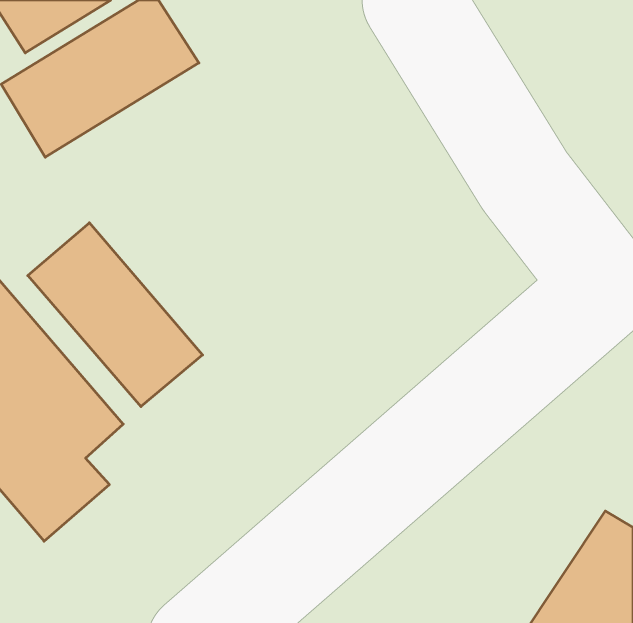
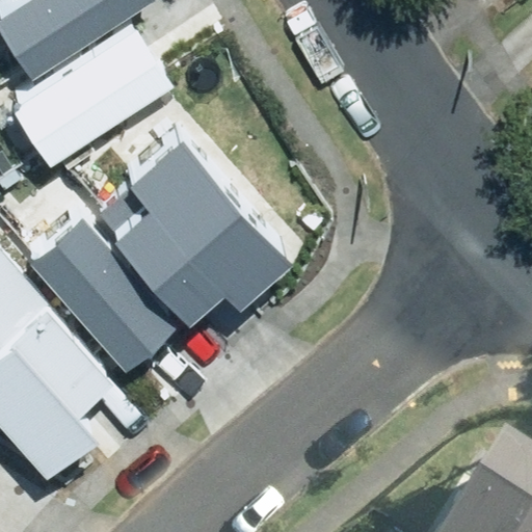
building: none -> [91,116,281,300]

